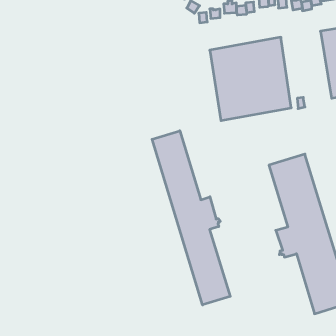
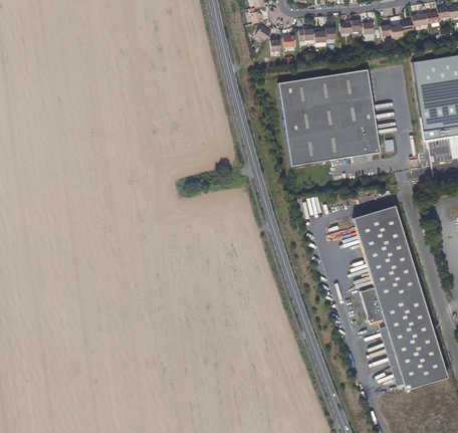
building: [152,131,230,305] -> none

